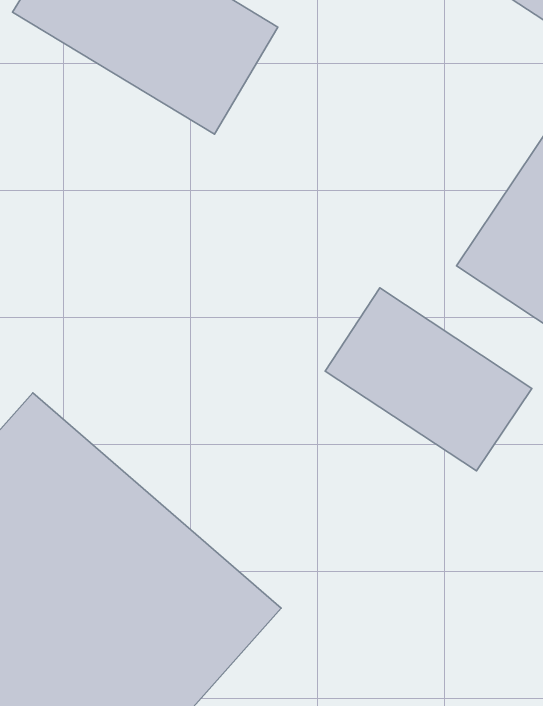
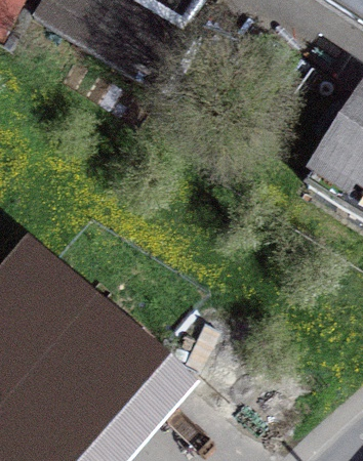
building: [325,288,532,471] -> none

